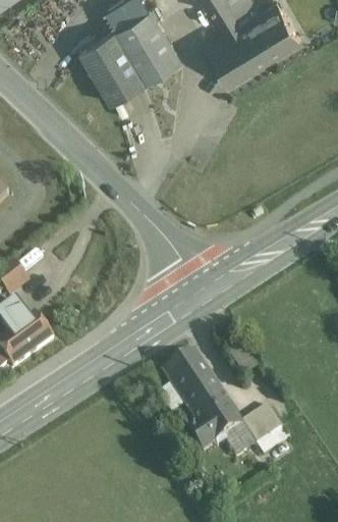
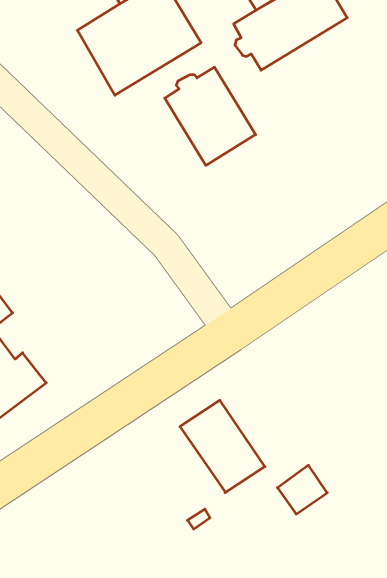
building: none -> [165,67,256,165]
building: [190,405,240,450] -> none

